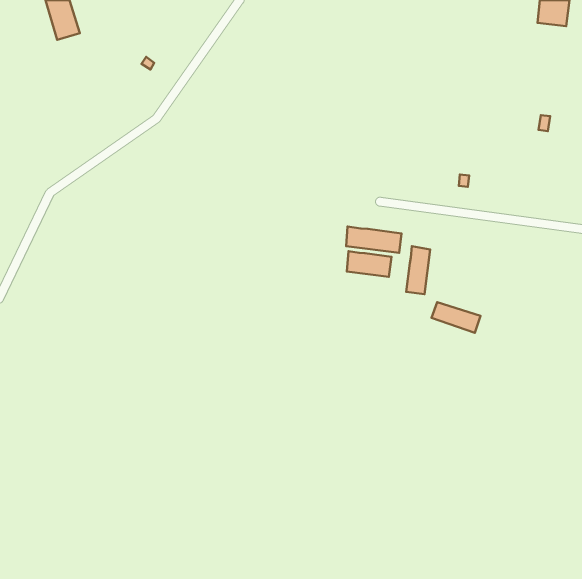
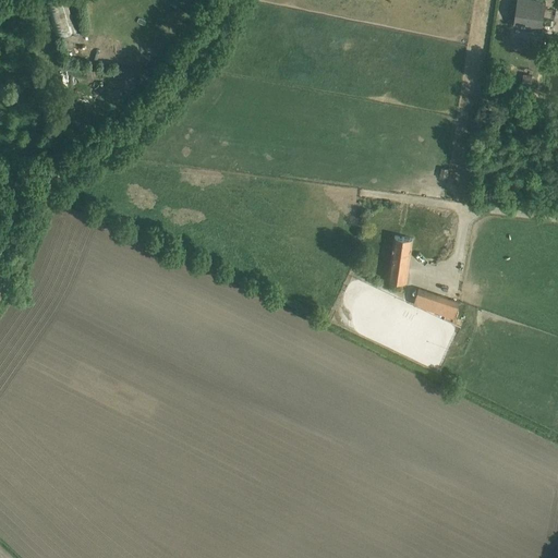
building: [346,226,402,253] -> none
building: [347,251,392,277] -> none

